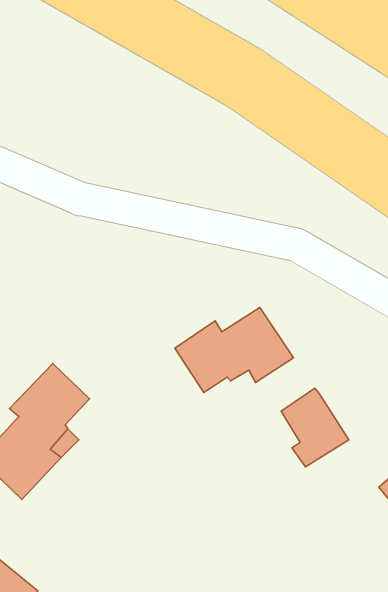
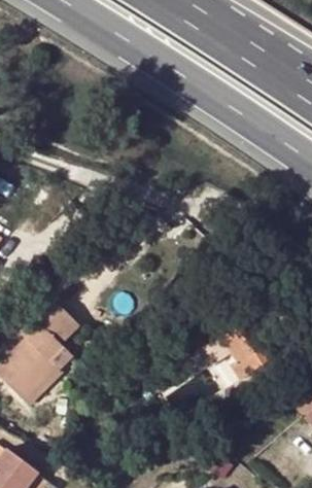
building: [175,307,293,392] -> none

